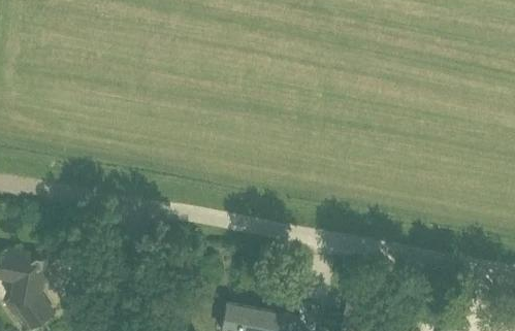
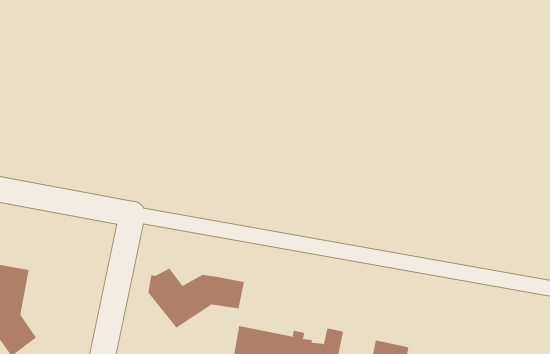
building: none -> [148,268,244,329]

